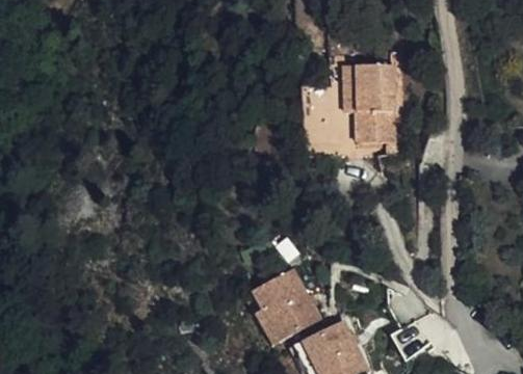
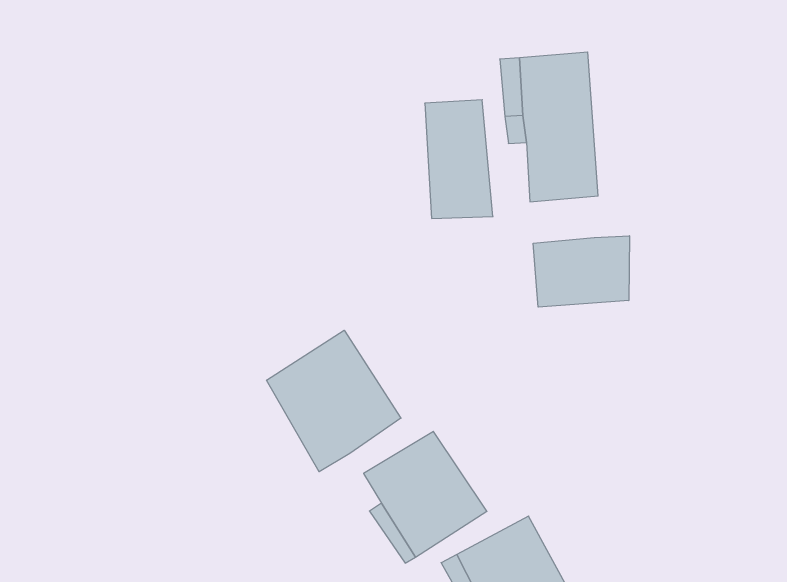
building: none -> [533,236,629,307]
building: none -> [267,330,401,472]

